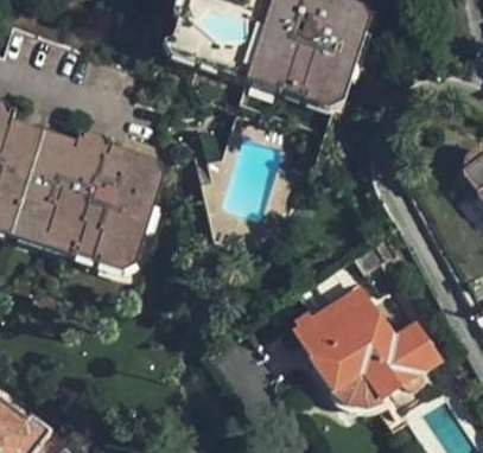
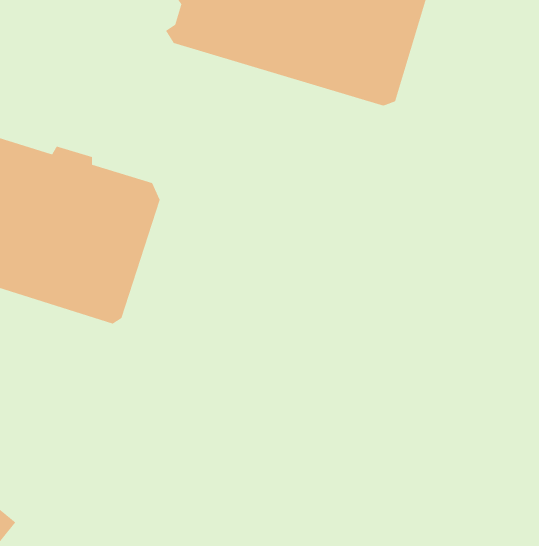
building: [293,283,441,406] -> none

